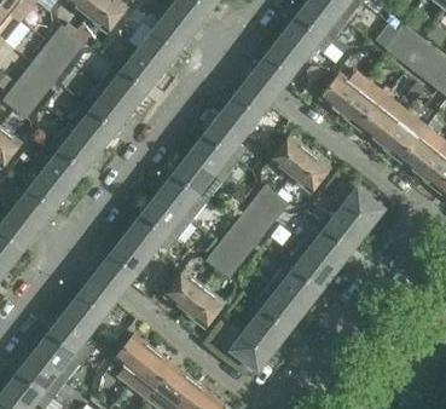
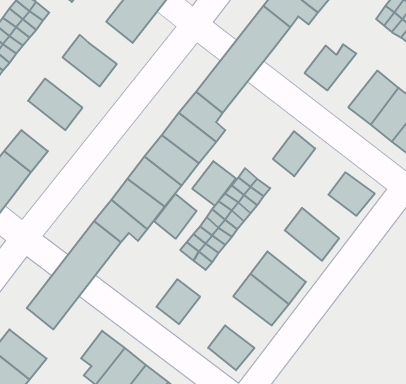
building: [122,51,162,90] -> none
building: [340,80,386,129] -> none
building: [82,83,132,129] -> none
building: [51,123,100,169] -> none
building: [270,136,309,177] -> [192,161,236,206]
building: [317,209,366,249] -> none
building: [285,242,335,289] -> none
building: [164,271,203,312] -> [154,194,197,239]
building: [245,303,289,350] -> none
building: [50,313,92,359] -> none

